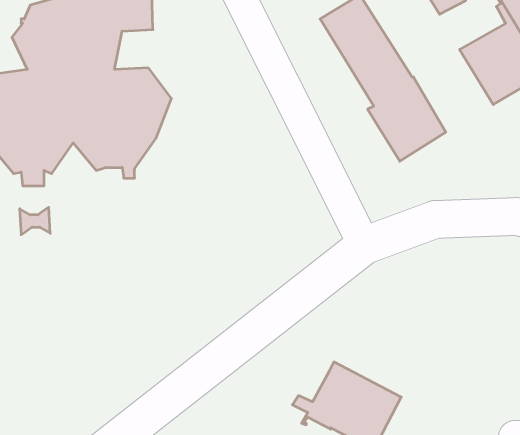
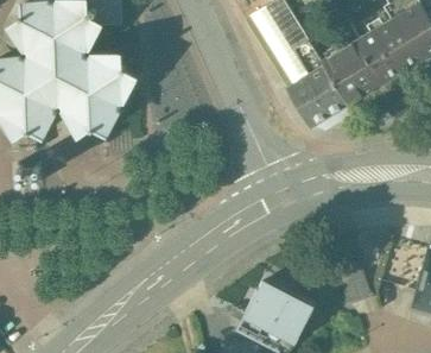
building: none -> [321,39,382,103]
building: none -> [335,259,369,302]

